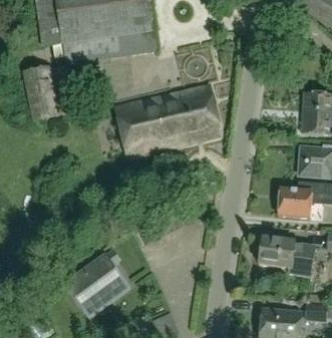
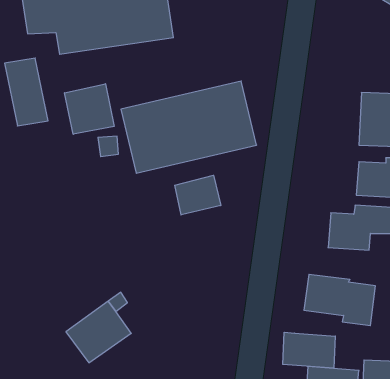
building: none -> [65,84,114,134]
building: none -> [175,175,221,215]
building: none -> [283,332,335,368]

